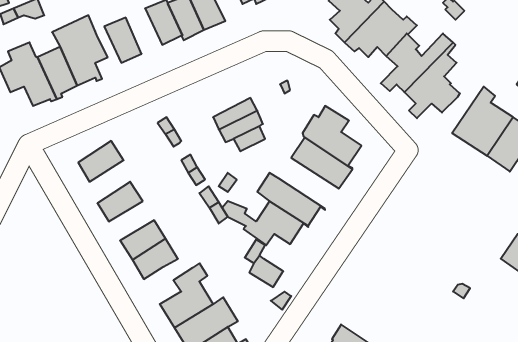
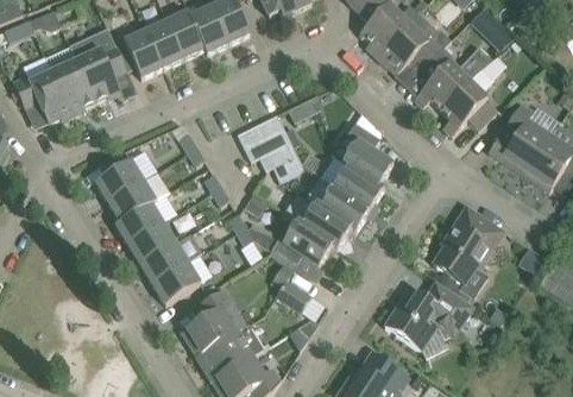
building: none -> [146,20,184,68]
building: none -> [307,177,370,231]
building: none -> [108,179,156,225]
building: none -> [434,207,504,296]
building: none -> [128,222,176,264]
building: none -> [385,282,474,351]

